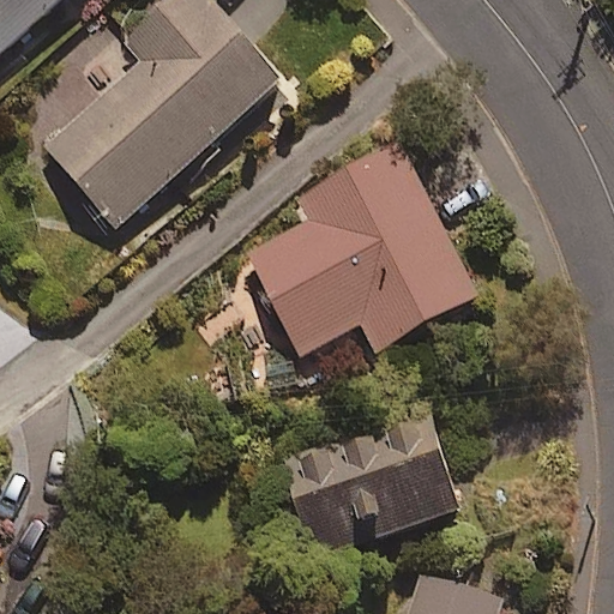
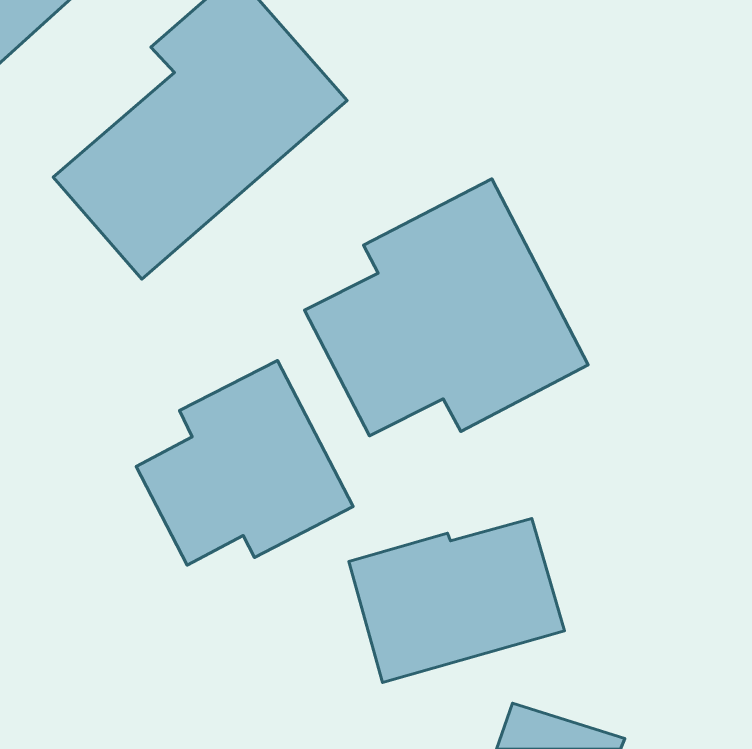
building: none -> [136,360,353,565]

